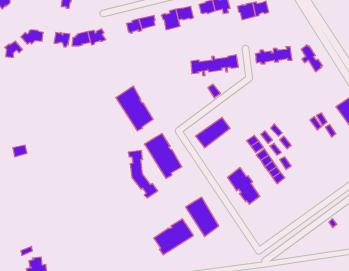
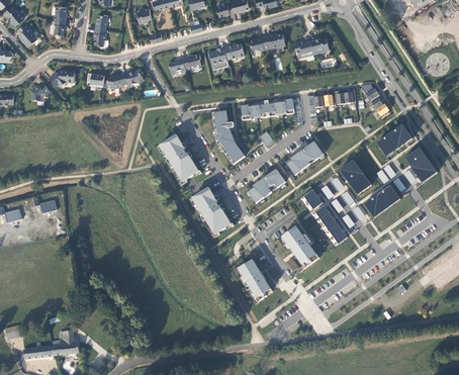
building: none -> [375,123,412,157]
building: none -> [285,142,324,175]
building: none -> [339,159,371,194]
building: none -> [364,184,400,217]
building: [128,151,158,198] -> [211,110,245,164]
building: [154,219,193,255] -> none

